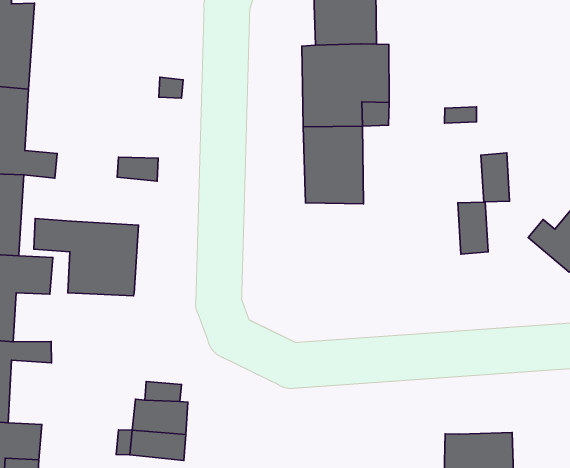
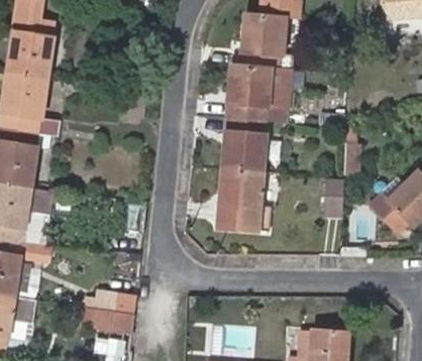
building: none -> [219,168,269,232]
building: [34,218,138,296] -> none

